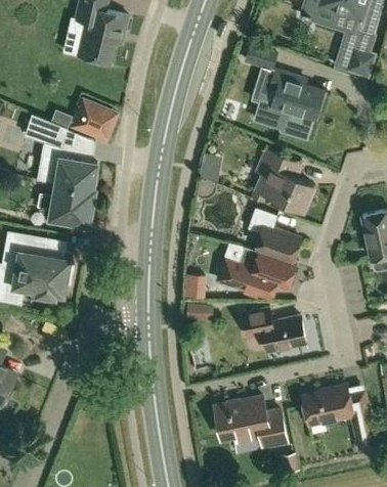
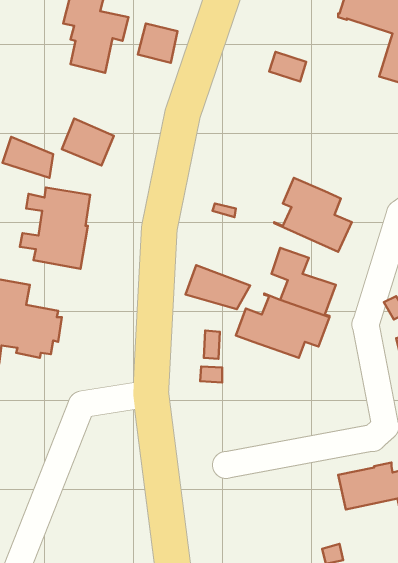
building: none -> [138,24,178,63]
building: [255,70,322,138] -> none
building: none -> [186,265,250,309]
building: [242,308,305,352] -> none
building: [214,397,287,447] -> none

